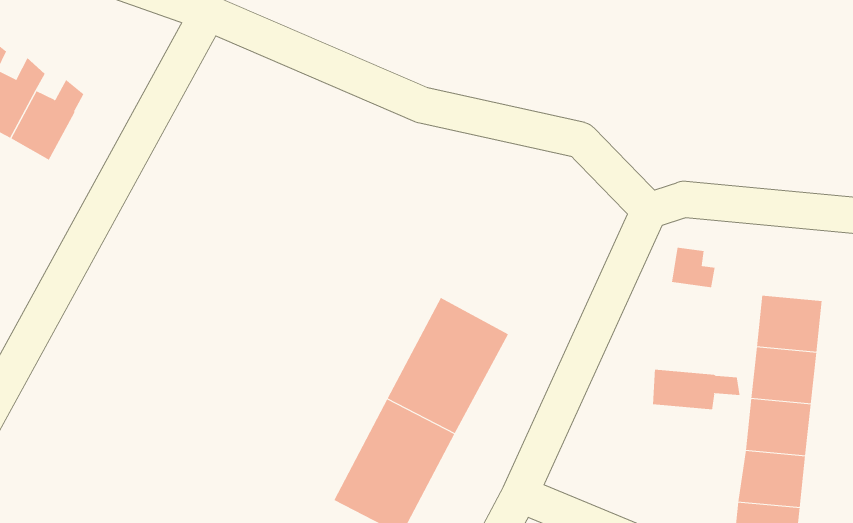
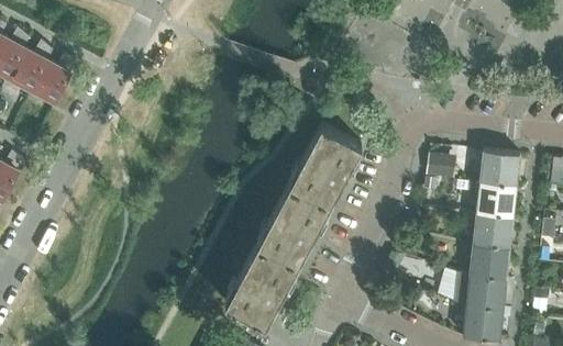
building: none -> [289,125,362,207]
building: none -> [481,152,521,187]
building: [653,369,740,410] -> none

